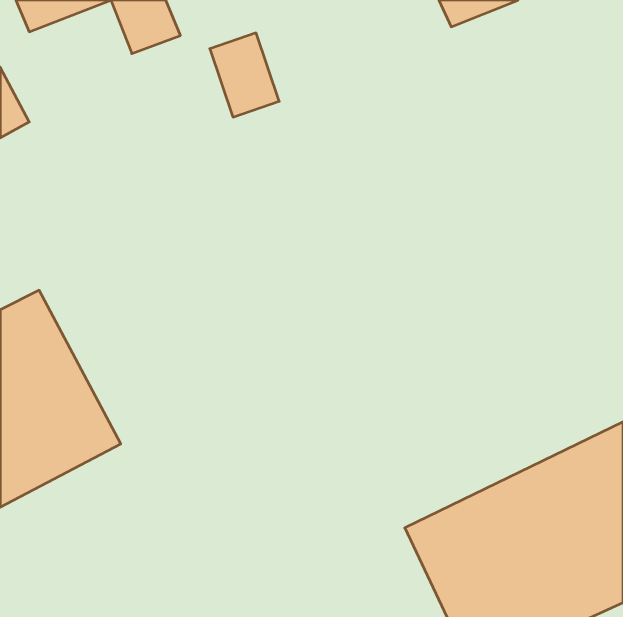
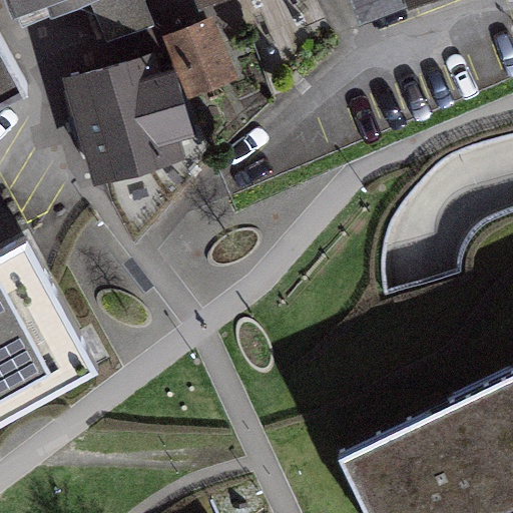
building: none -> [73,63,175,182]

